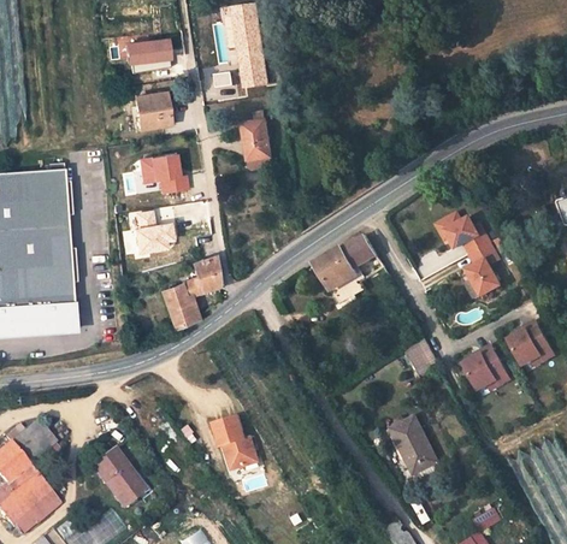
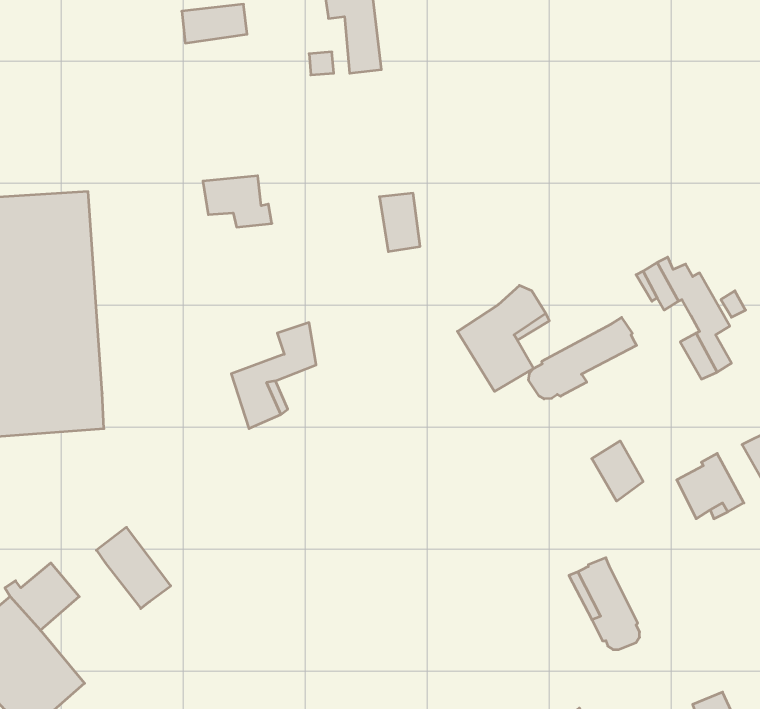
building: [135,93,169,129] -> none
building: [242,120,270,160] -> [379,193,420,252]
building: [136,212,176,254] -> none
building: none -> [529,317,637,399]
building: [213,415,258,471] -> none
building: [93,451,143,507] -> [96,527,171,609]

